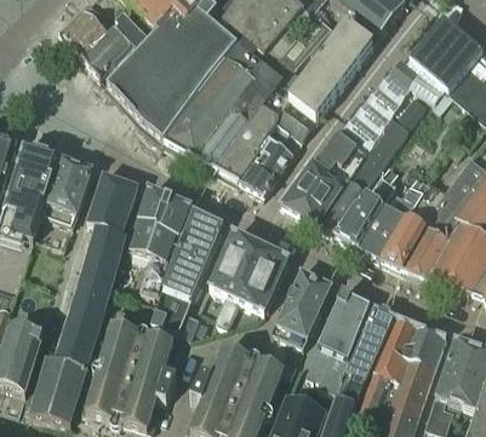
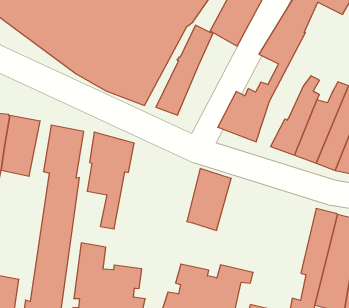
building: [321,92,425,230] -> none
building: [241,100,316,194] -> none
building: [308,127,358,172] -> none
building: [150,206,224,334] -> none
building: [211,230,257,324] -> none
building: [273,268,332,344] -> none
building: [307,286,371,390] -> none

